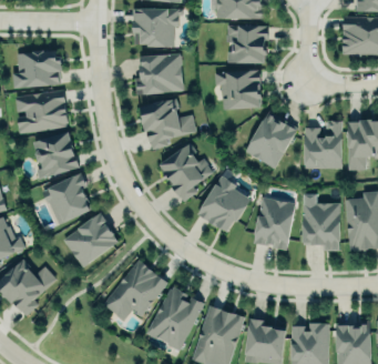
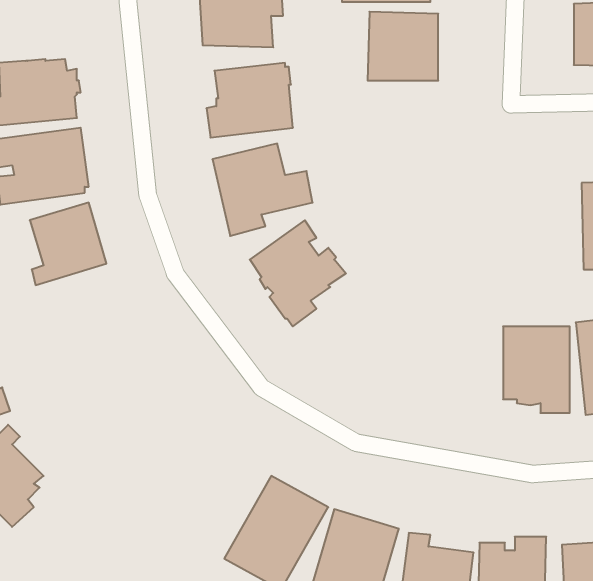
building: [215,70,263,110] -> none
building: [244,111,298,169] -> none
building: [304,121,341,169] -> none
building: [42,172,93,224] -> none
building: [198,175,252,232] -> none
building: [253,198,295,250] -> none
building: [63,212,119,267] -> none
building: [102,260,167,321] -> none

